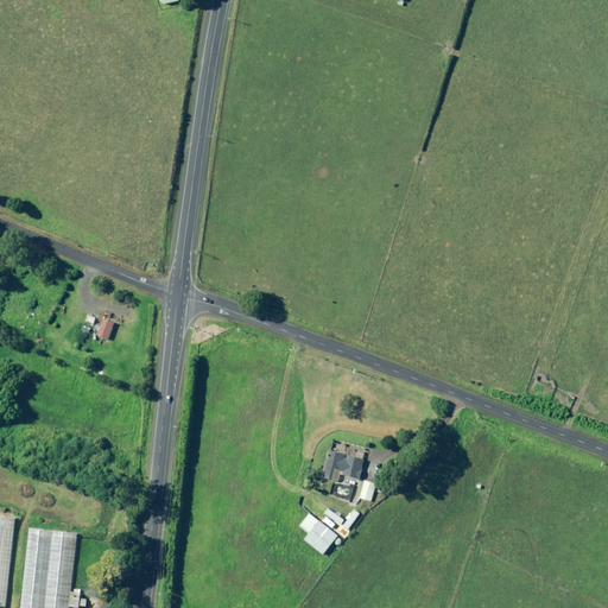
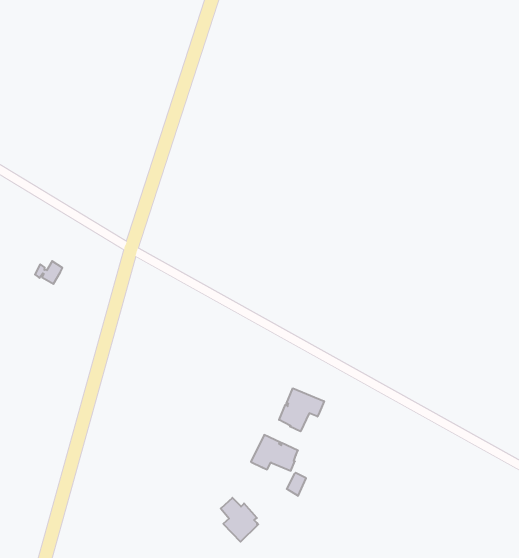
building: none -> [279,388,324,431]

